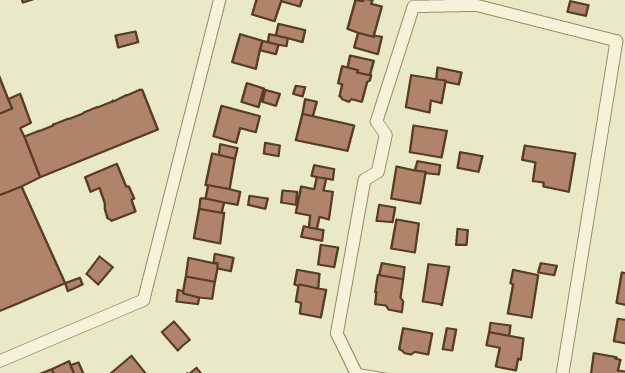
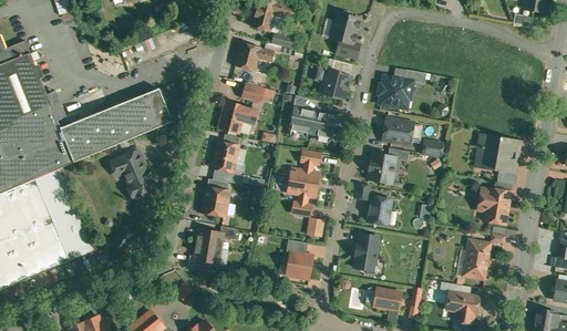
building: none -> [481,187,513,224]
building: [423,264,449,305] -> none

